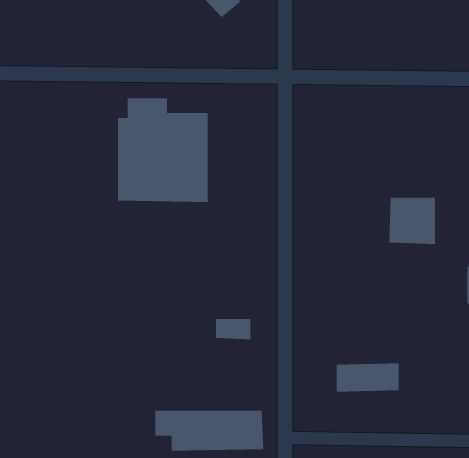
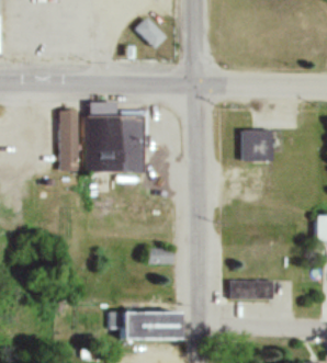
building: none -> [58,110,78,171]
building: [388,197,436,245] -> [241,129,273,161]

